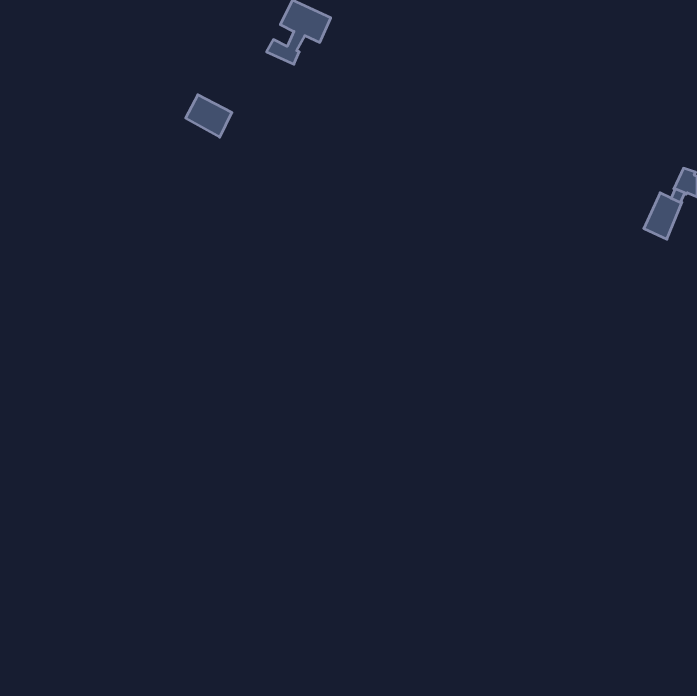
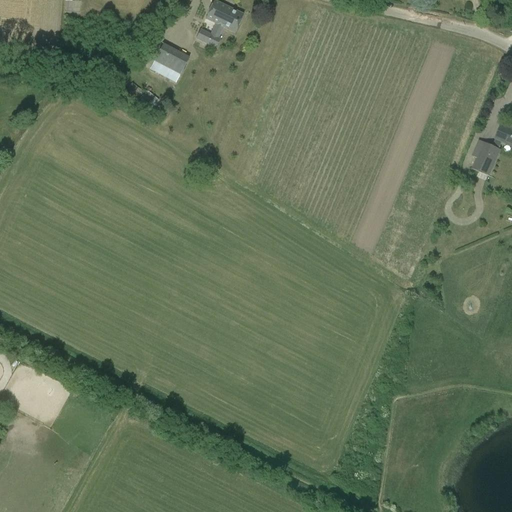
building: [186,95,232,137] -> [154,43,188,74]

